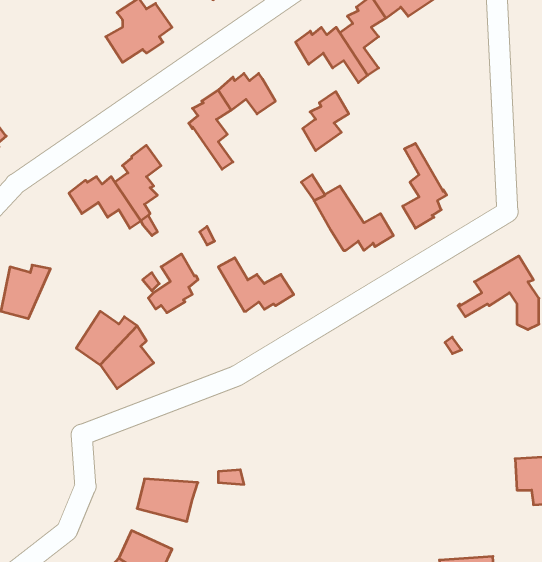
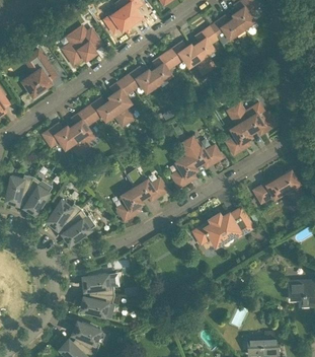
building: none -> [22,51,56,95]
building: [303,92,349,151] -> [150,52,175,84]
building: none -> [86,98,128,126]
building: none -> [234,103,275,134]
building: none -> [172,155,196,188]
building: [148,254,198,313] -> [114,188,142,220]
building: none -> [21,176,49,212]
building: none -> [193,213,252,244]
building: none -> [83,274,114,294]

